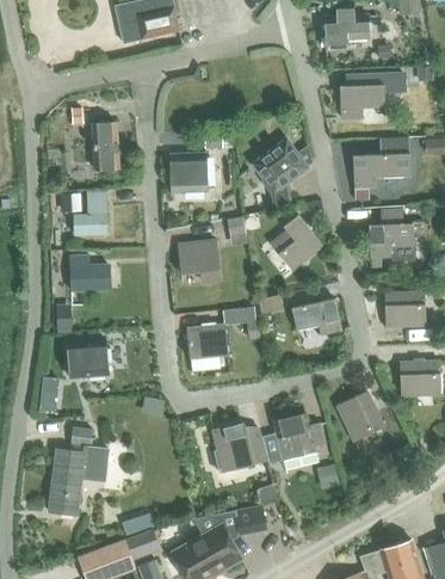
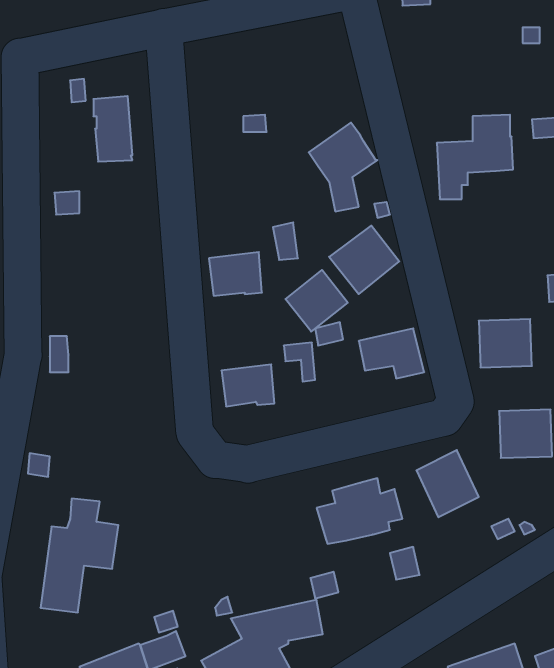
building: [340,74,404,119] -> none
building: [169,154,208,192] -> none
building: [74,199,107,236] -> none
building: [369,208,415,267] -> none
building: none -> [285,270,348,332]
building: [69,255,110,292] -> none
building: [66,341,109,378] -> none
building: [211,423,267,473] -> none

